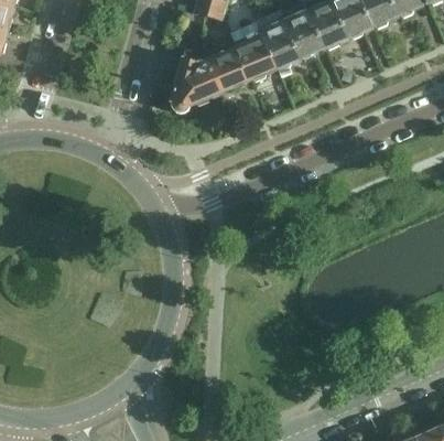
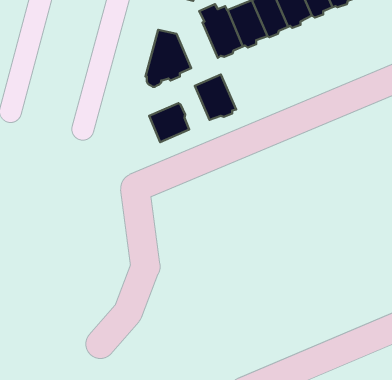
building: [204,43,248,92] -> [195,74,236,120]
building: none -> [149,103,189,142]

